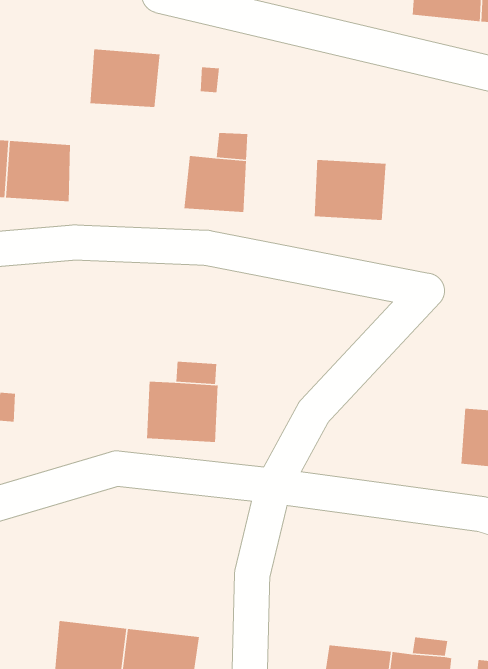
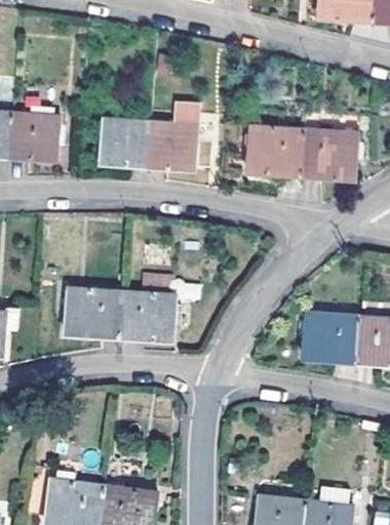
building: [89,49,161,108] -> [96,119,151,164]
building: none -> [299,129,354,177]
building: none -> [65,291,120,339]
building: none -> [306,312,361,359]

